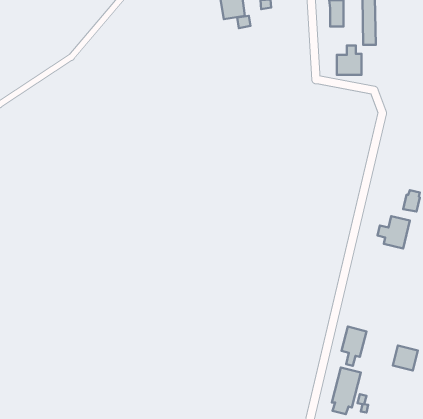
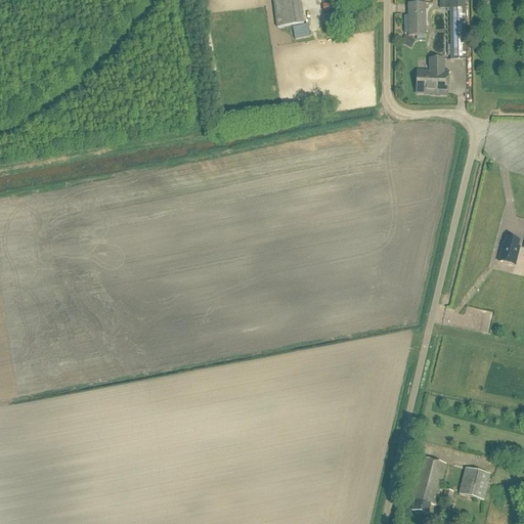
building: [378,216,410,249] -> none
building: [341,327,367,366] -> none
building: [393,346,418,371] -> [456,465,487,495]

